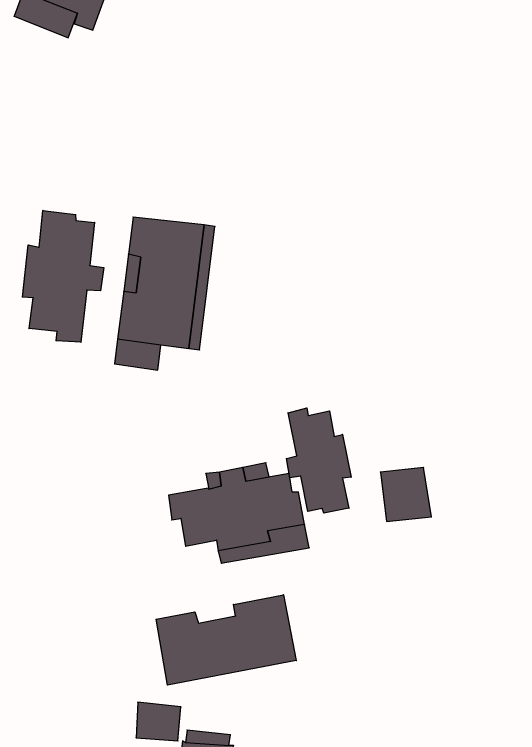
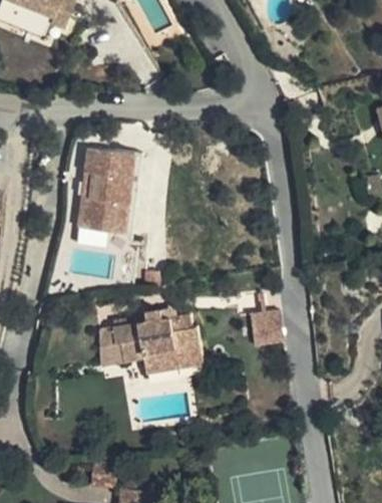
building: [22,210,104,342] -> none
building: [286,408,351,513] -> none
building: [156,595,296,685] -> none

